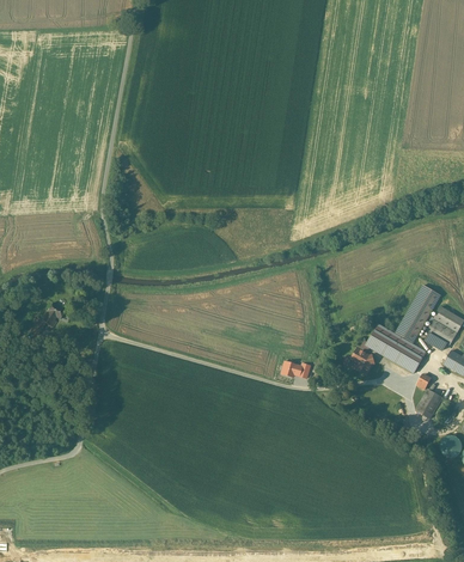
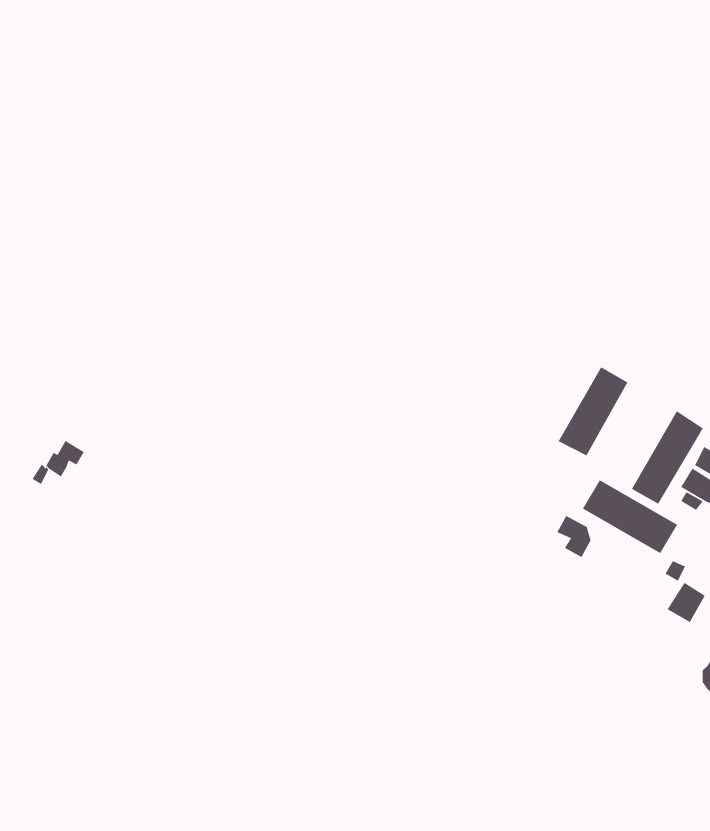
building: none -> [558,366,629,456]

